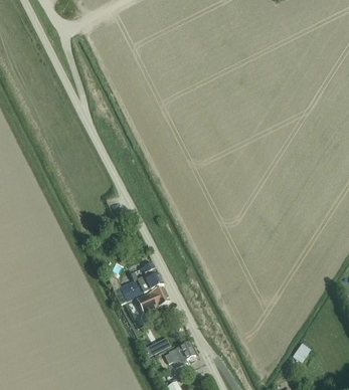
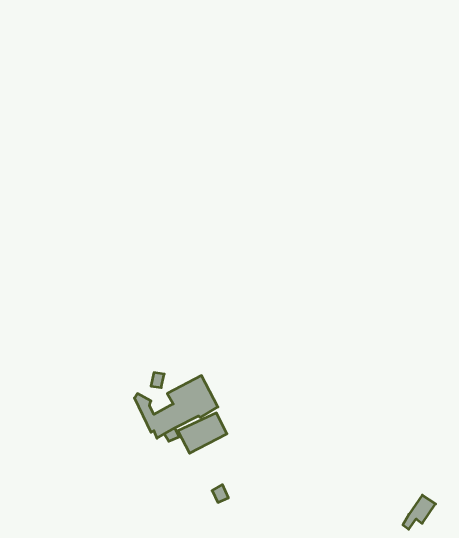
building: [165,341,196,366] -> none

